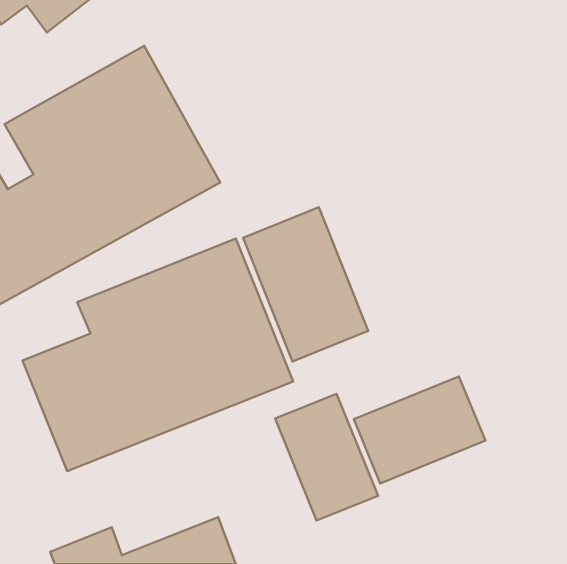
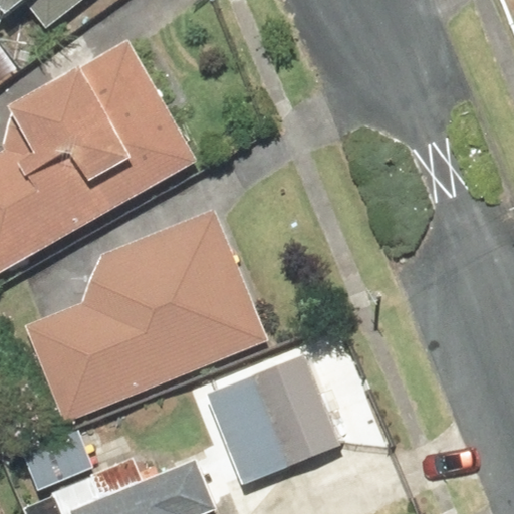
building: [243,207,368,362] -> none
building: [354,377,485,483] -> none

